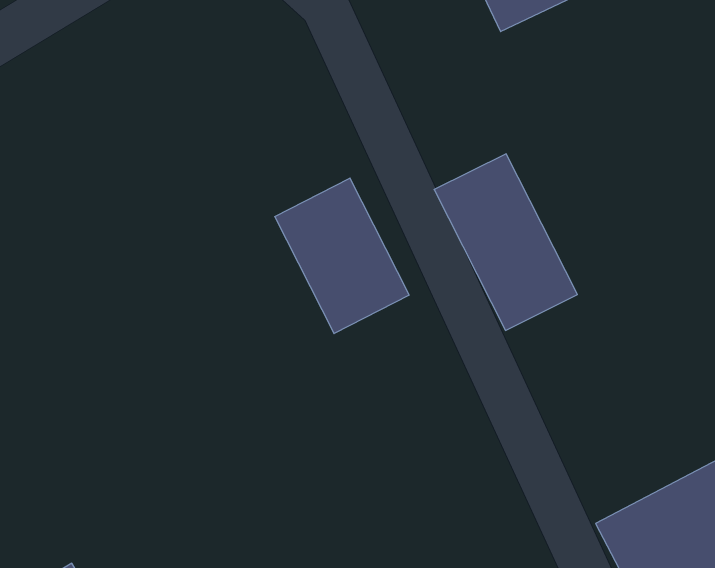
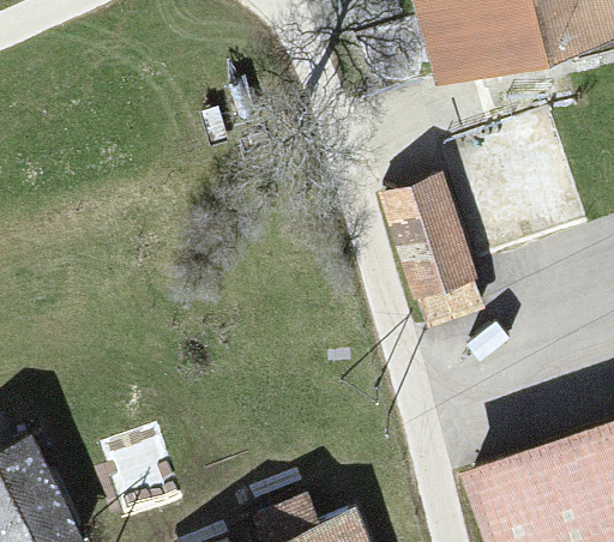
building: [275,178,409,334] -> none

